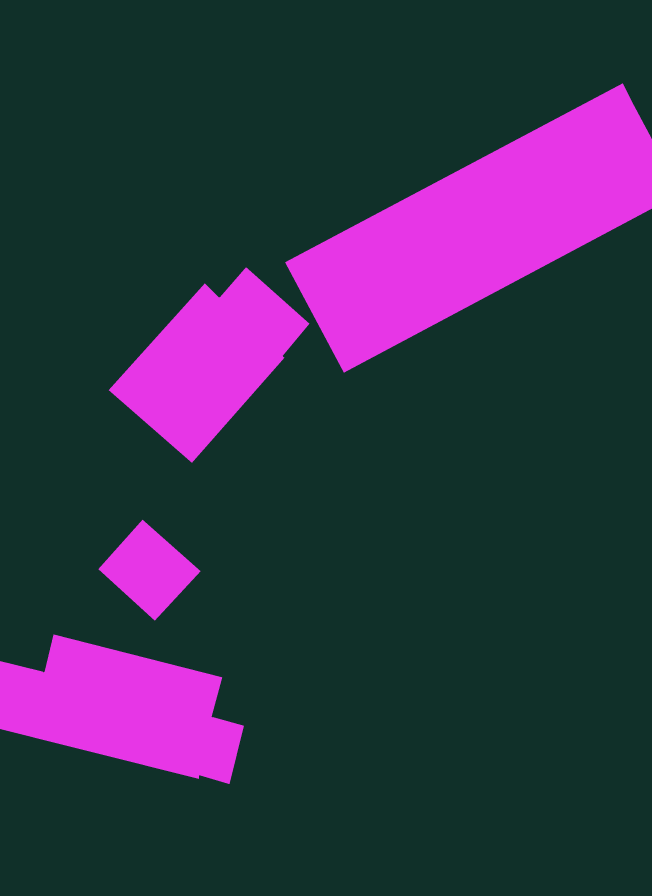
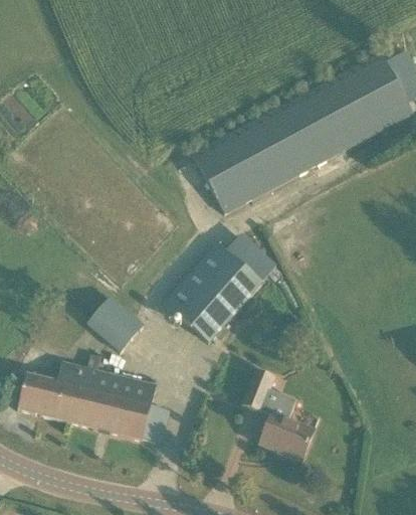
building: [108,266,311,464] -> [164,232,277,343]
building: none -> [244,369,317,461]

